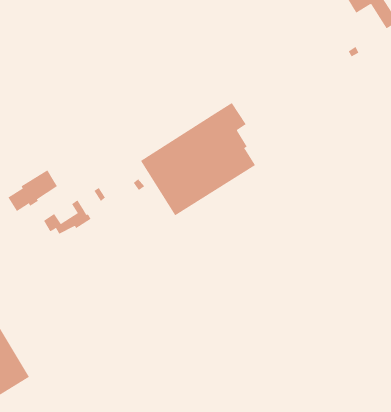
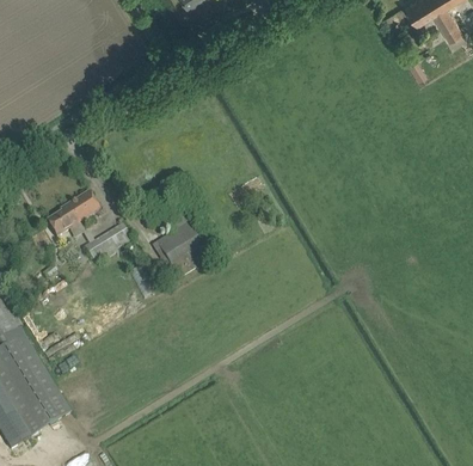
building: [140,102,256,216] -> none
building: none -> [155,221,205,277]

